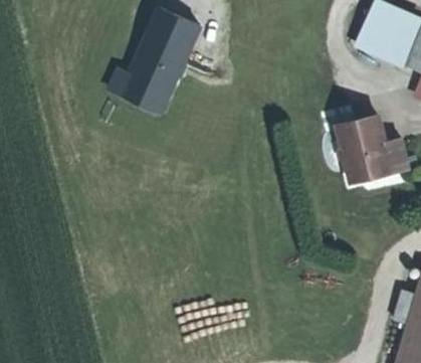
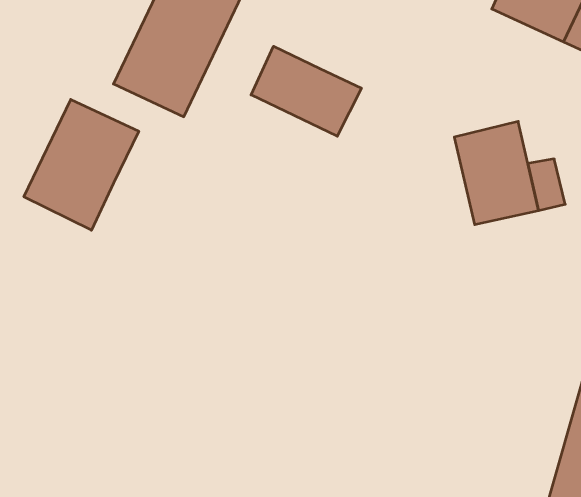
building: none -> [251,46,361,136]
building: none -> [24,99,139,230]

